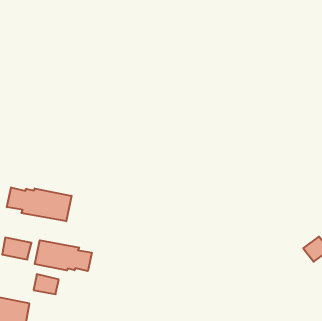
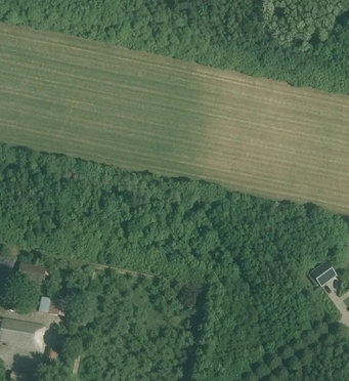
building: [7,187,72,221] -> none
building: [35,240,92,271] -> none

